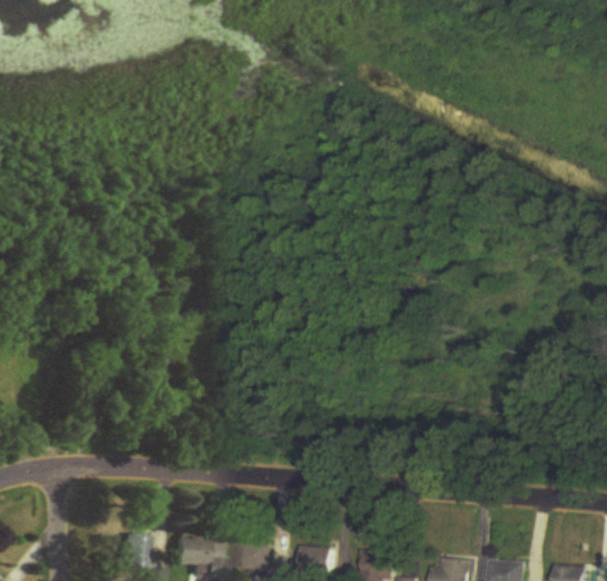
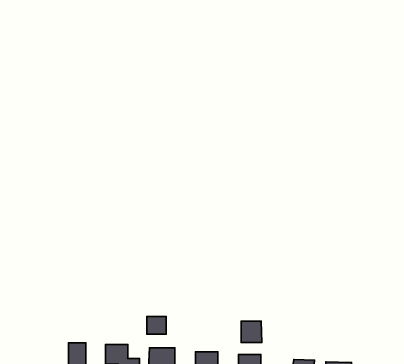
building: none -> [147,316,166,334]
building: none -> [241,321,262,342]

